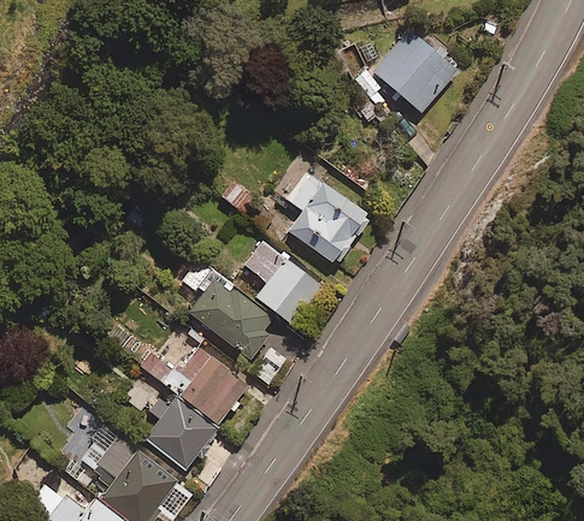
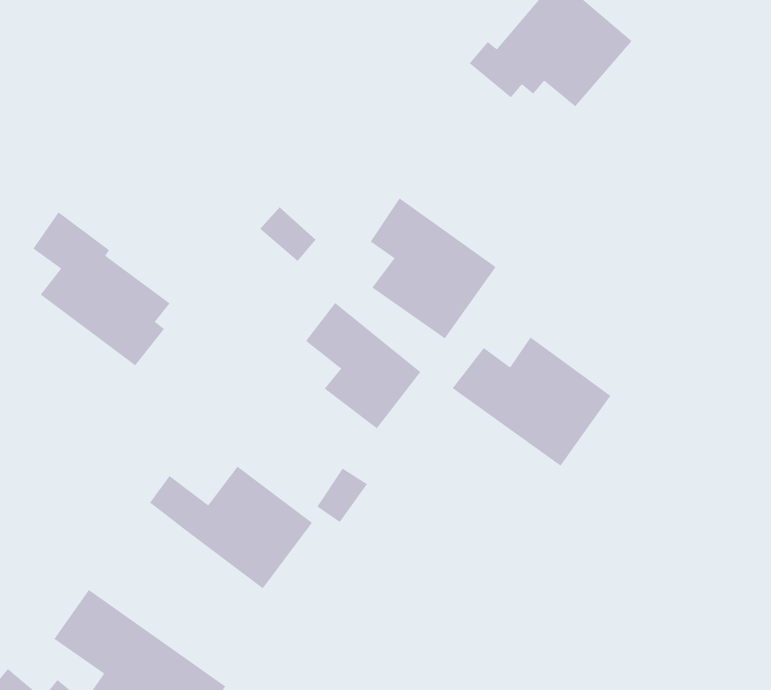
building: [183,257,273,359] -> [33,212,170,366]
building: none -> [452,336,611,466]
building: [120,379,217,469] -> none

